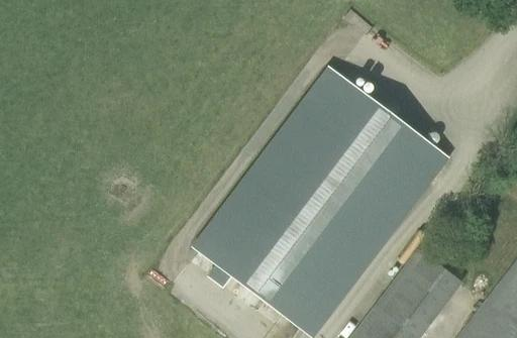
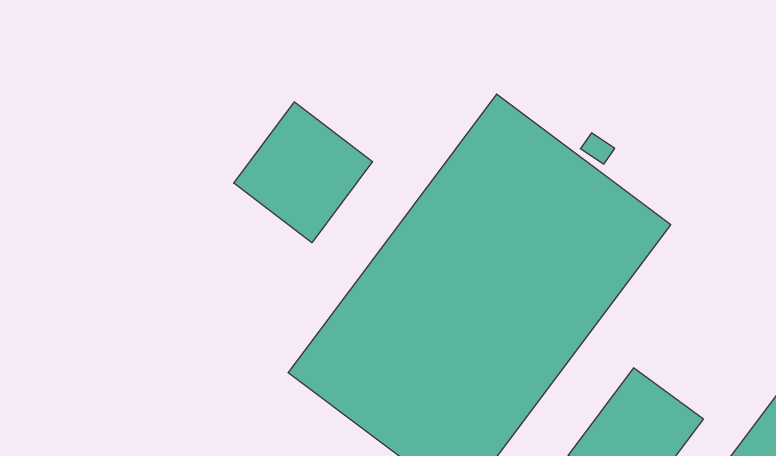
building: none -> [234,102,373,243]

